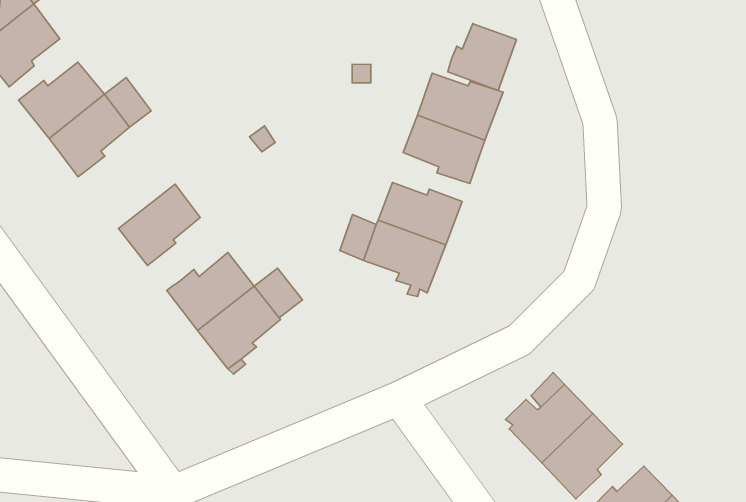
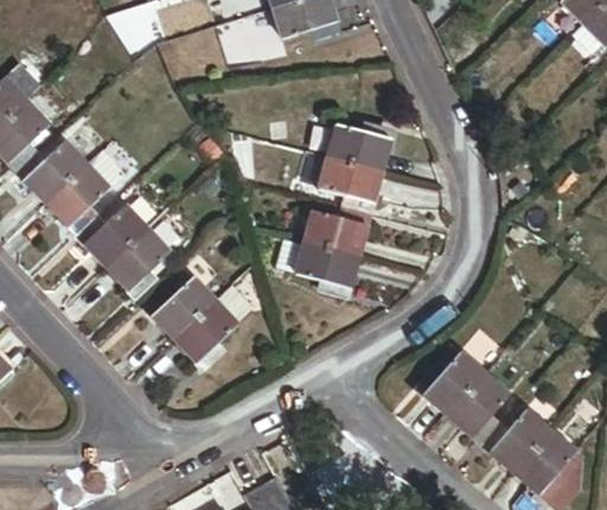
building: [448,23,517,90] -> none
building: none -> [82,204,147,266]

